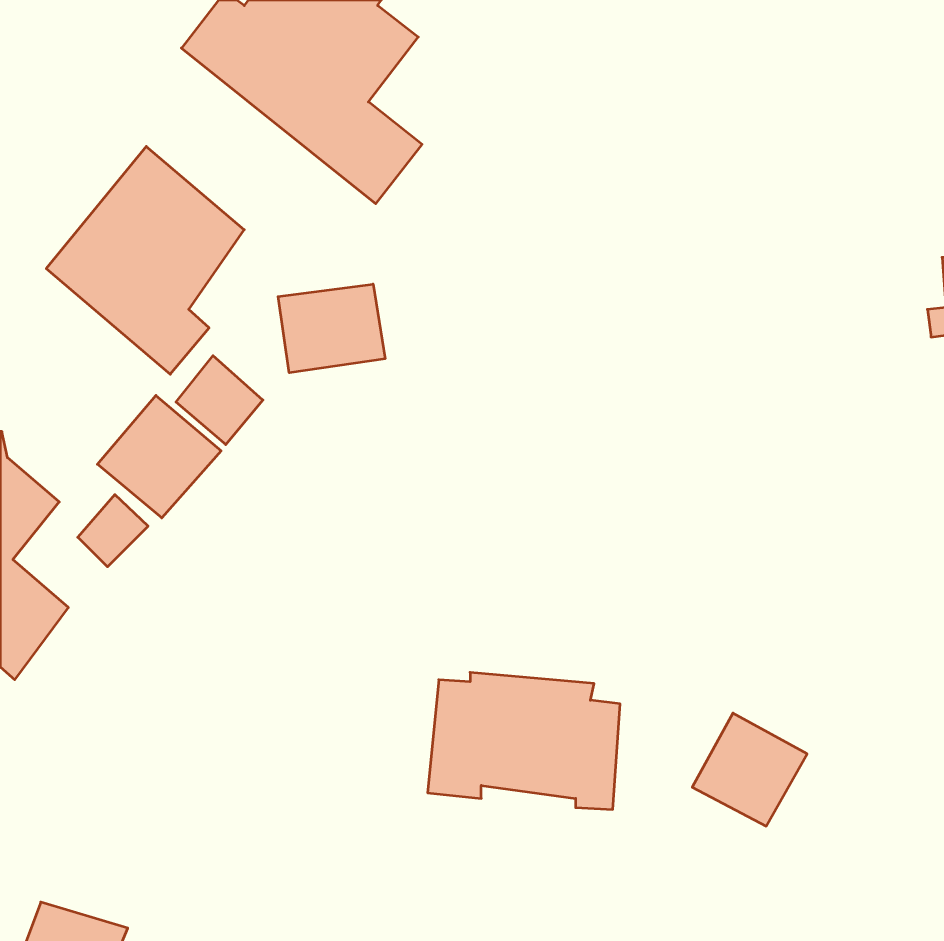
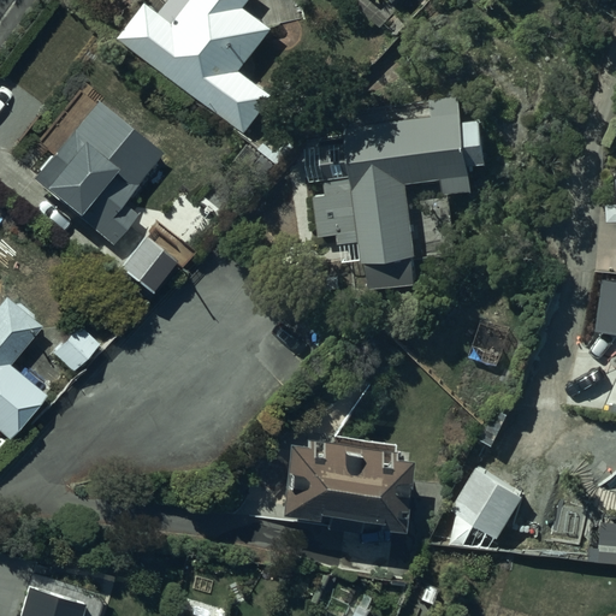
building: none -> [303,99,493,294]
building: [278,284,385,373] -> none
building: [97,395,221,518] -> none

